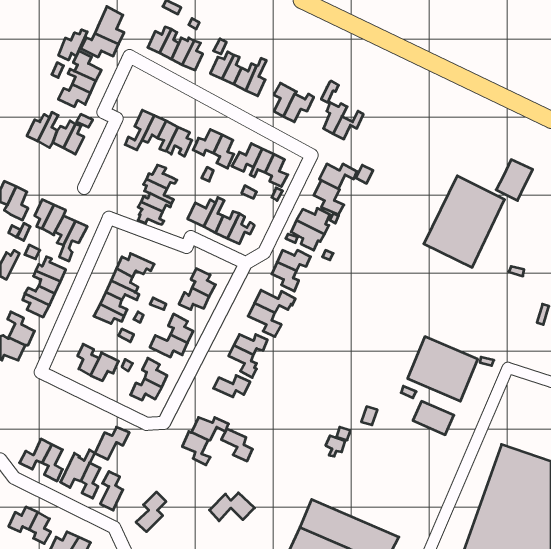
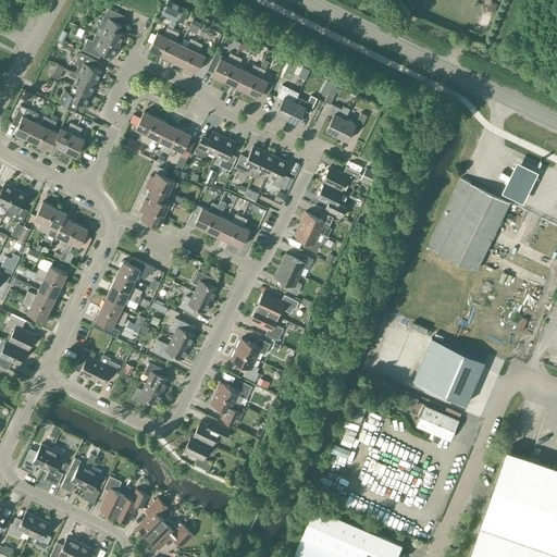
building: [59,30,87,60] -> none
building: none -> [13,107,35,139]
building: [95,427,129,459] -> [114,491,149,523]
building: [221,429,253,461] -> [210,394,242,426]
building: [209,493,255,521] -> [148,521,194,549]

